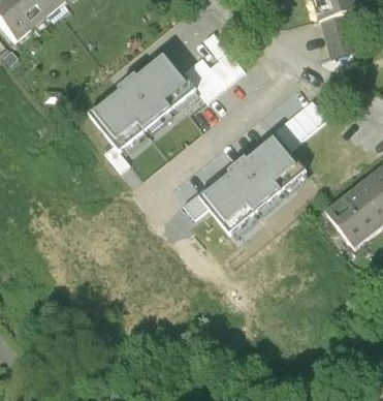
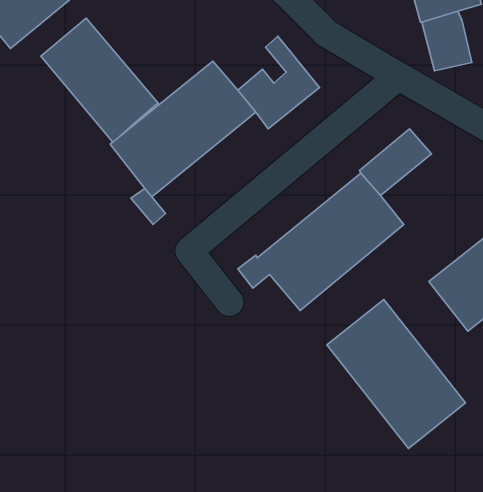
building: none -> [41,18,158,142]
building: none -> [327,299,465,448]

